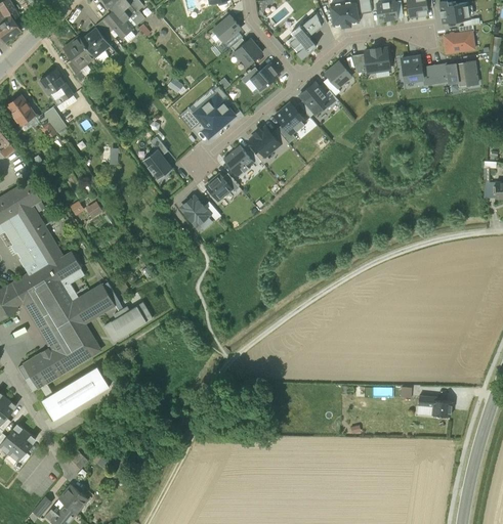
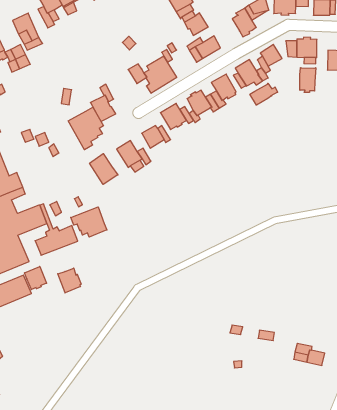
building: none -> [300,68,316,92]
building: none -> [250,83,278,105]
building: none -> [68,107,103,150]
building: none -> [90,154,118,184]
building: none -> [71,207,107,237]
building: none -> [58,268,81,293]
building: none -> [25,266,47,290]

